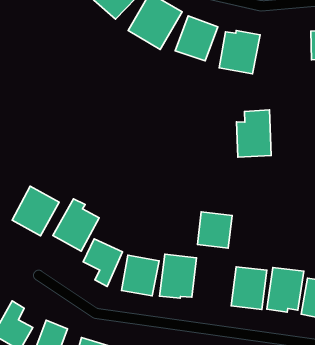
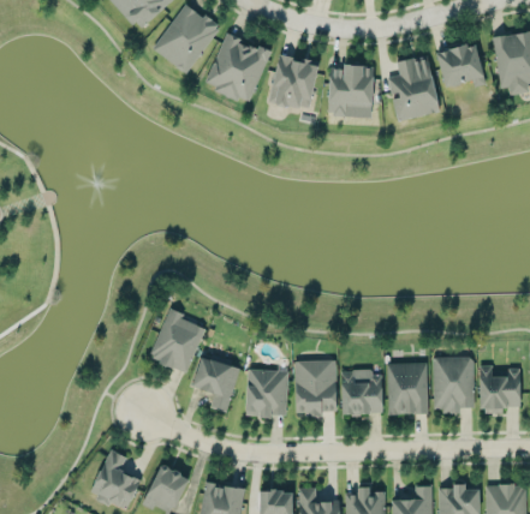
building: [236,110,271,157] -> [388,55,439,121]
building: [12,186,59,236] -> none
building: [197,212,232,248] -> [341,371,382,414]

